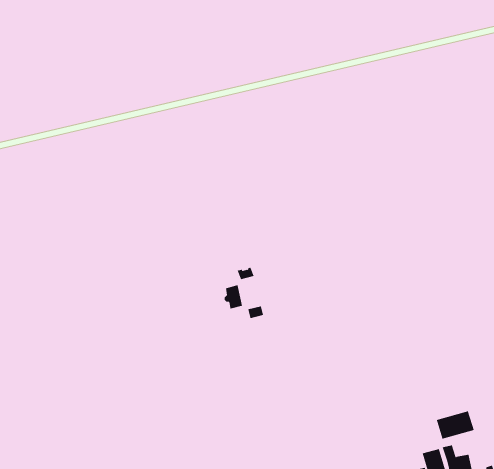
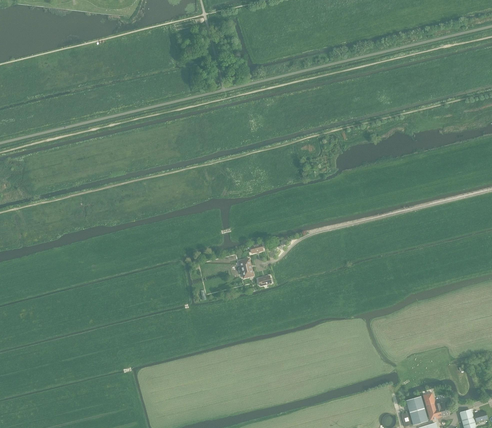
building: [436,410,474,439] -> none

